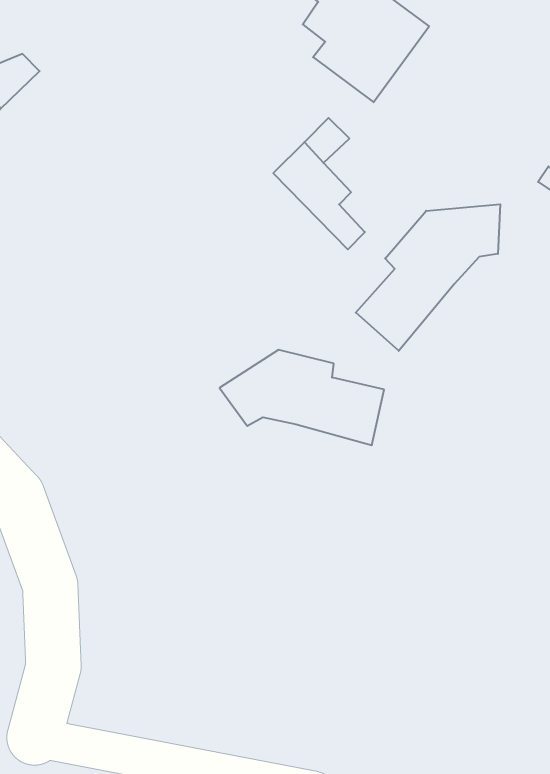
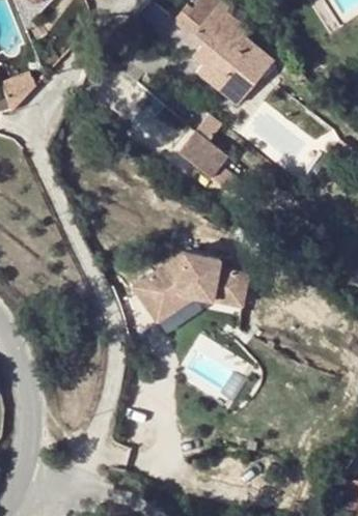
building: [356,204,500,351] -> none
building: none -> [128,275,190,321]

